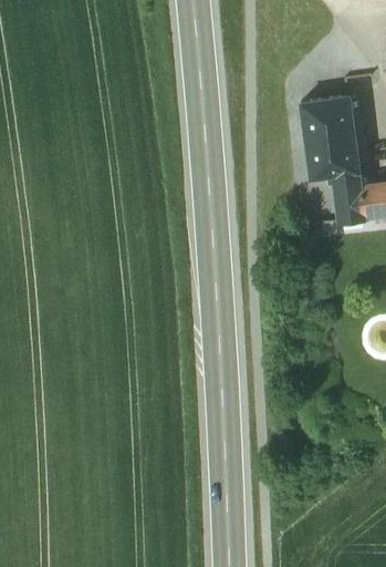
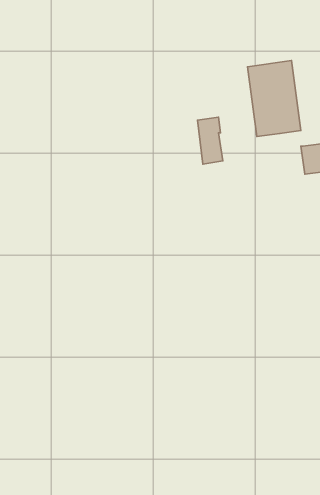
building: [335,169,362,219] -> [198,117,223,164]

